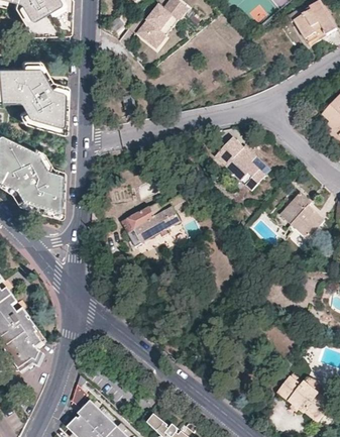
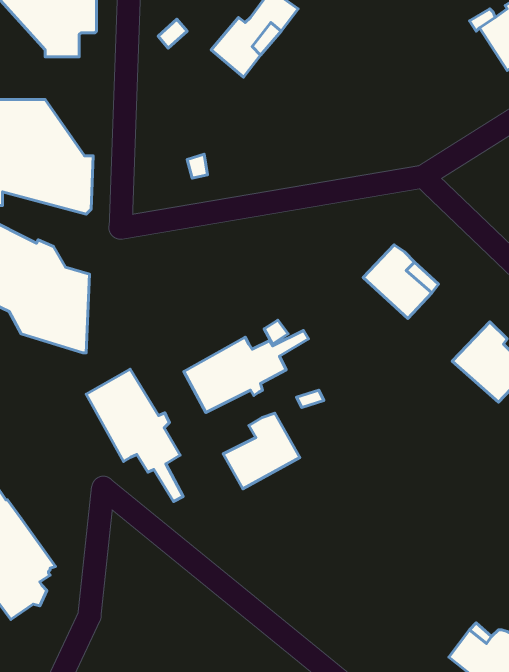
building: [215,138,243,168] -> none
building: none -> [86,369,183,501]
building: none -> [223,413,300,489]

